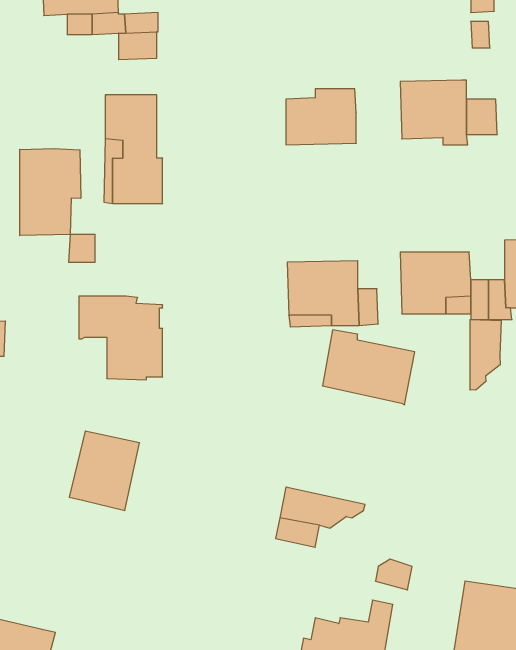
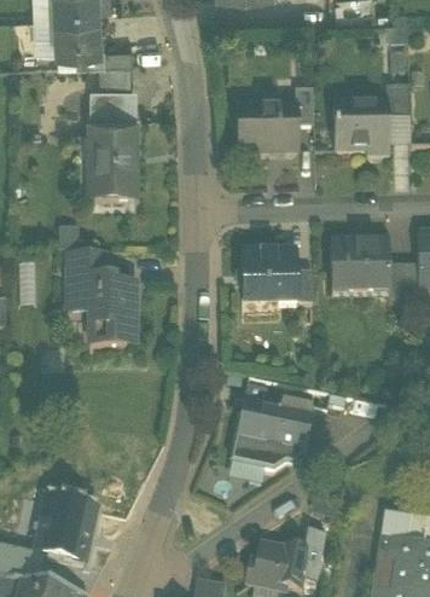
building: none -> [89,79,135,109]
building: none -> [380,82,409,112]
building: none -> [294,85,313,123]
building: [20,149,81,236] -> none
building: none -> [66,251,105,274]
building: [470,320,501,390] -> none
building: [322,330,415,405] -> [237,386,313,447]
building: [69,431,140,510] -> [36,494,94,560]

